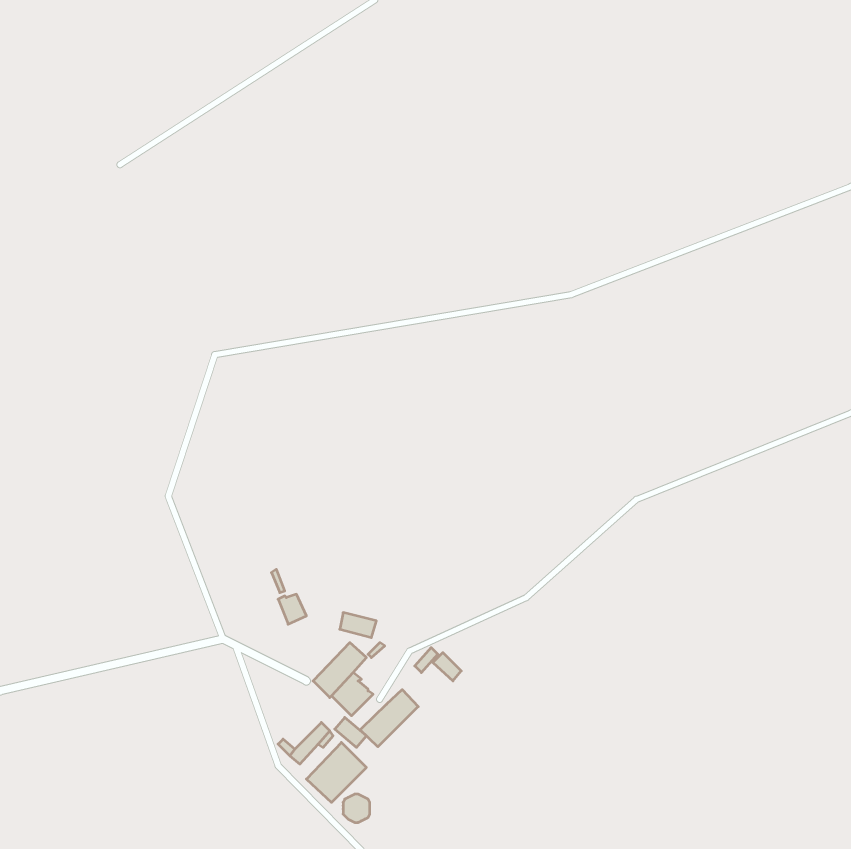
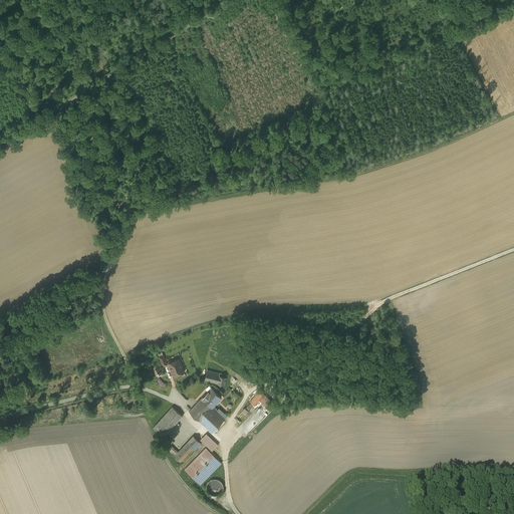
building: none -> [153,407,183,438]
building: [360,690,418,747] -> none

